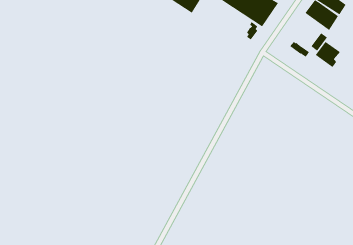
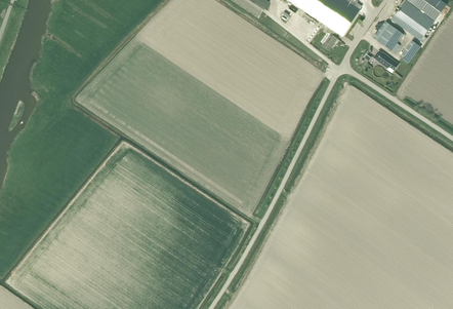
building: [315,41,341,68] -> [373,22,404,53]

